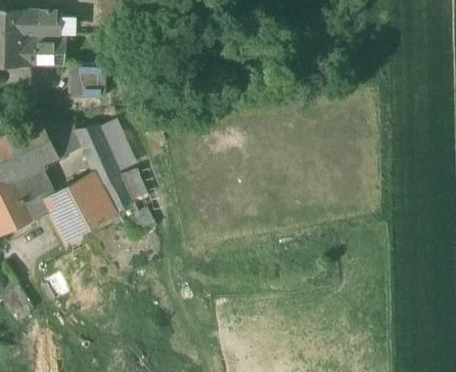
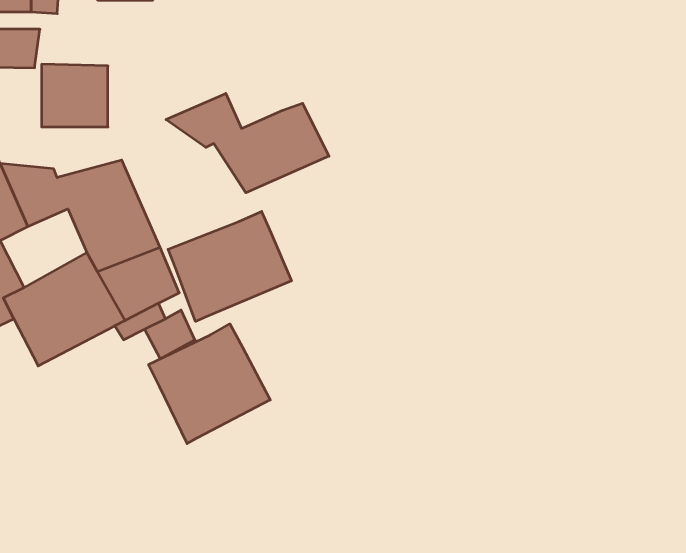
building: none -> [166,93,329,193]
building: none -> [168,211,291,321]
building: none -> [149,324,270,444]

